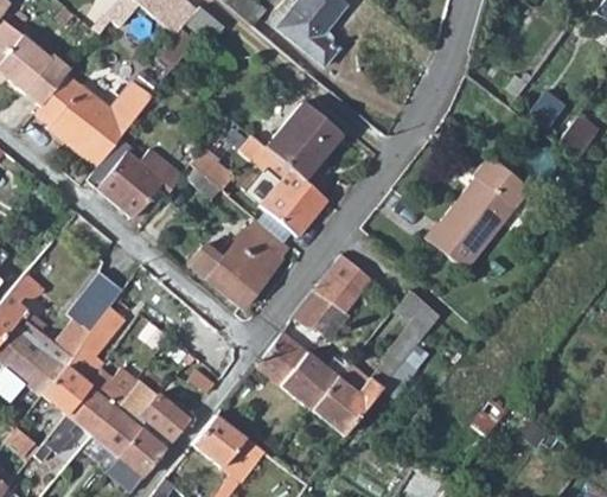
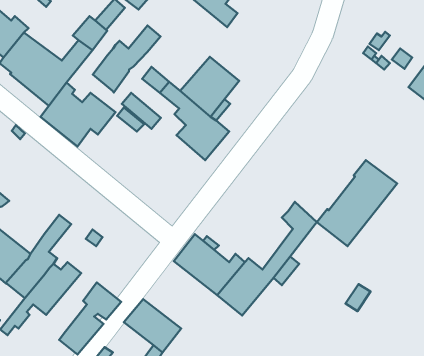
building: none -> [93,25,161,92]
building: [427,157,530,267] -> [317,160,397,246]
building: [187,217,289,308] -> none
building: [294,253,375,336] -> none
building: [69,278,120,331] -> none
building: [94,381,158,455] -> none

